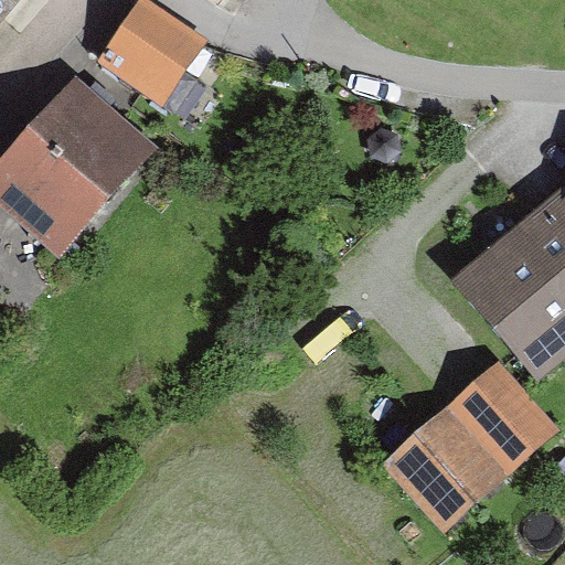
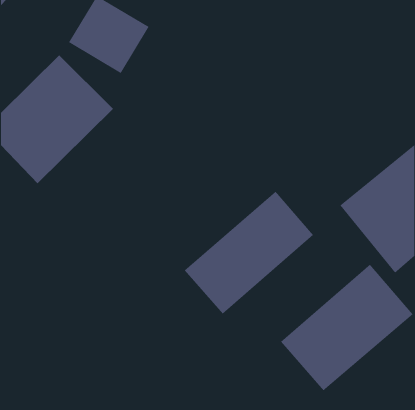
building: none -> [184,191,314,315]

